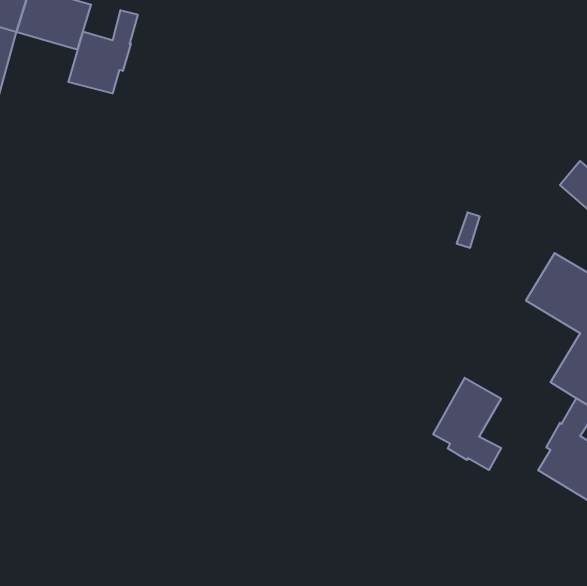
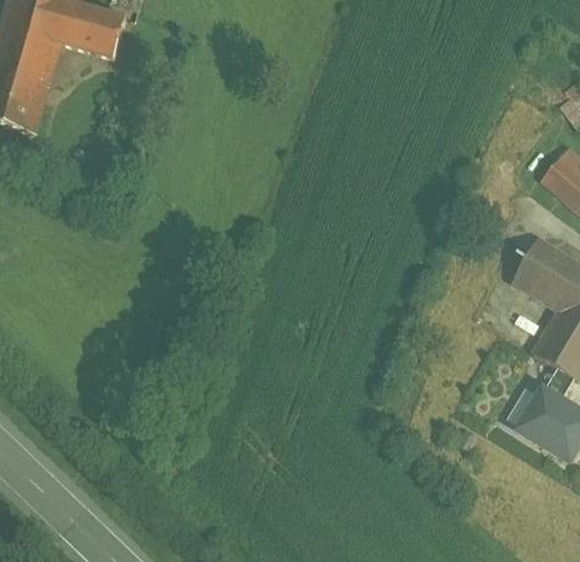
building: [68,10,138,93] -> none
building: [433,378,501,470] -> none

